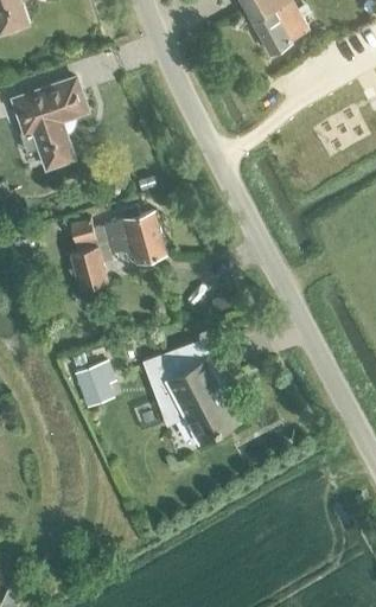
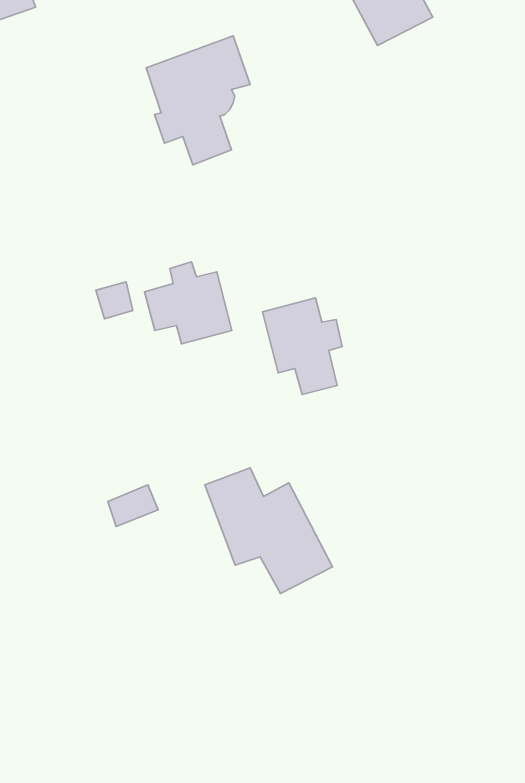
building: [13,78,87,170] -> [146,36,250,165]
building: none -> [262,298,342,395]
building: [70,247,107,290] -> none

